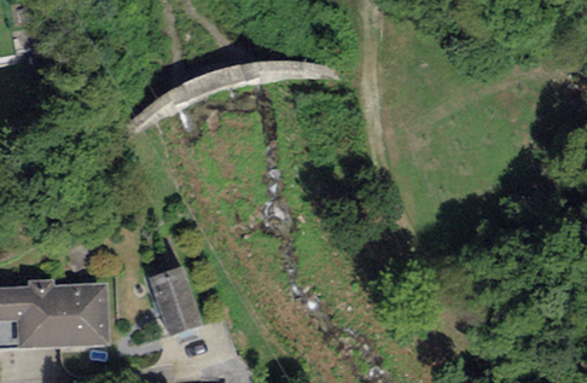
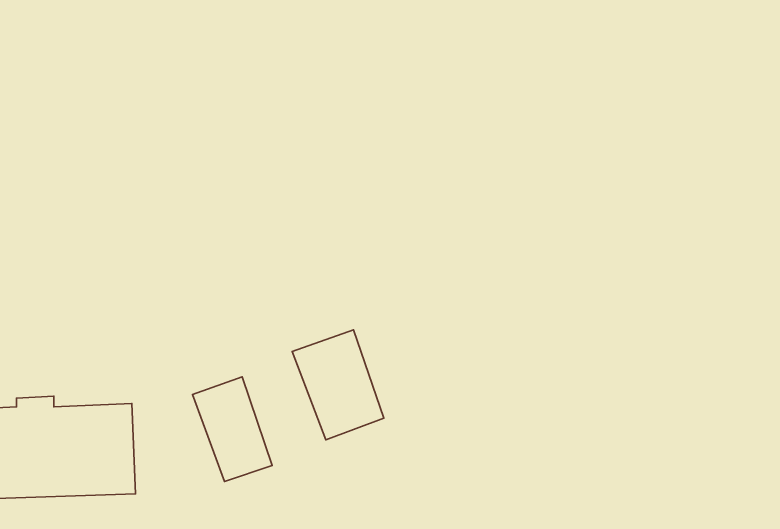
building: none -> [292,330,384,440]

